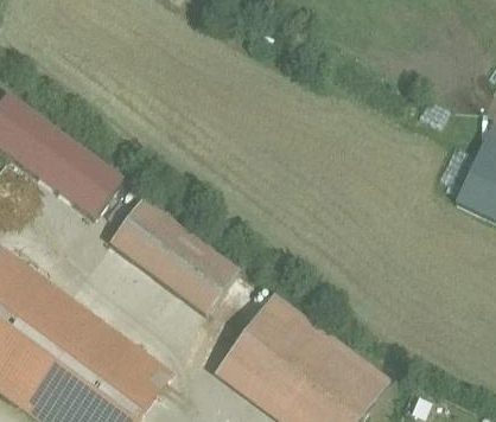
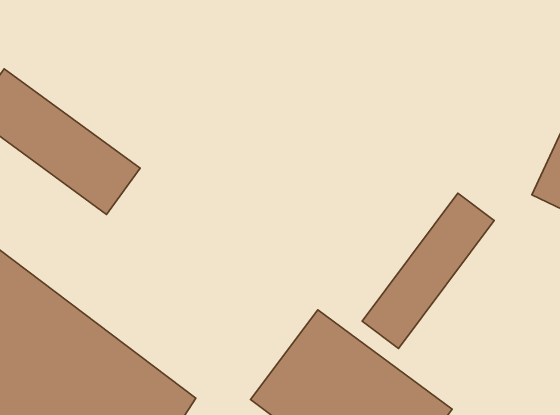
building: none -> [362,193,494,349]
building: [112,199,239,312] -> none

